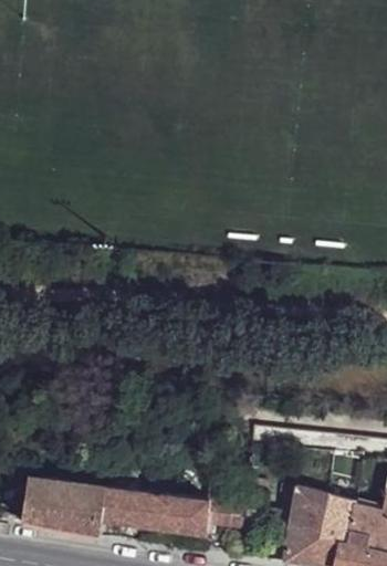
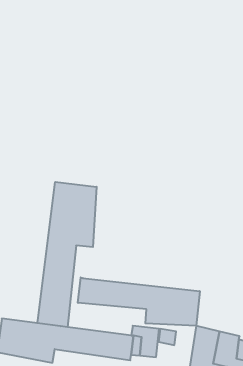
building: none -> [37,182,97,327]
building: none -> [78,277,200,326]

